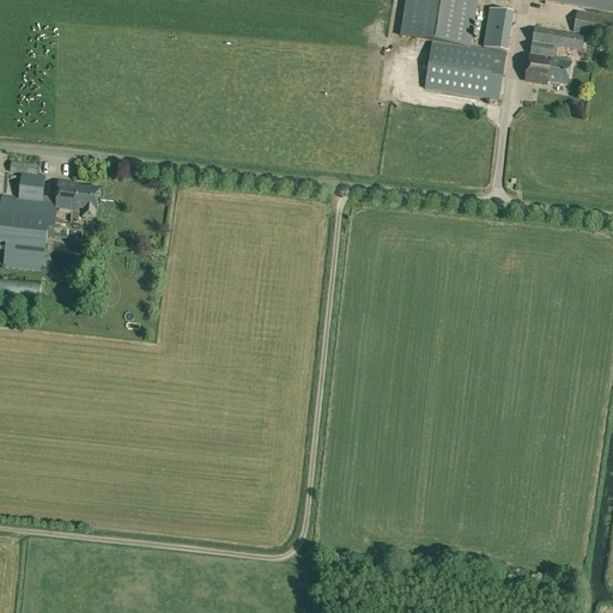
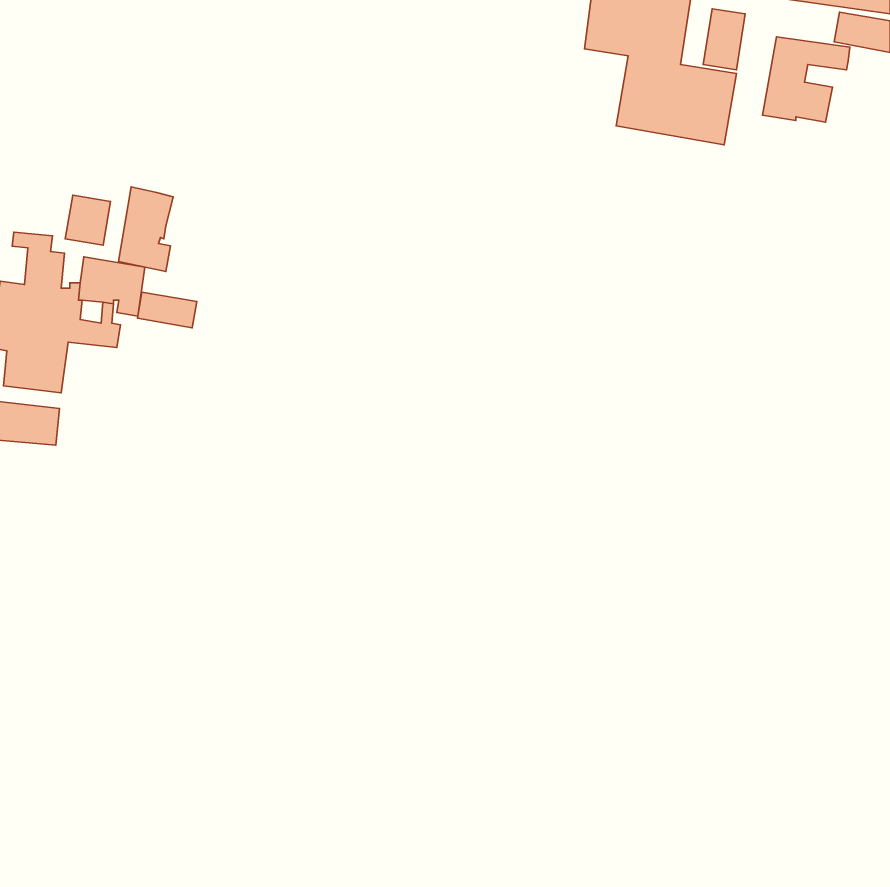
building: none -> [118,187,173,272]
building: none -> [65,195,110,245]
building: none -> [137,292,197,328]

